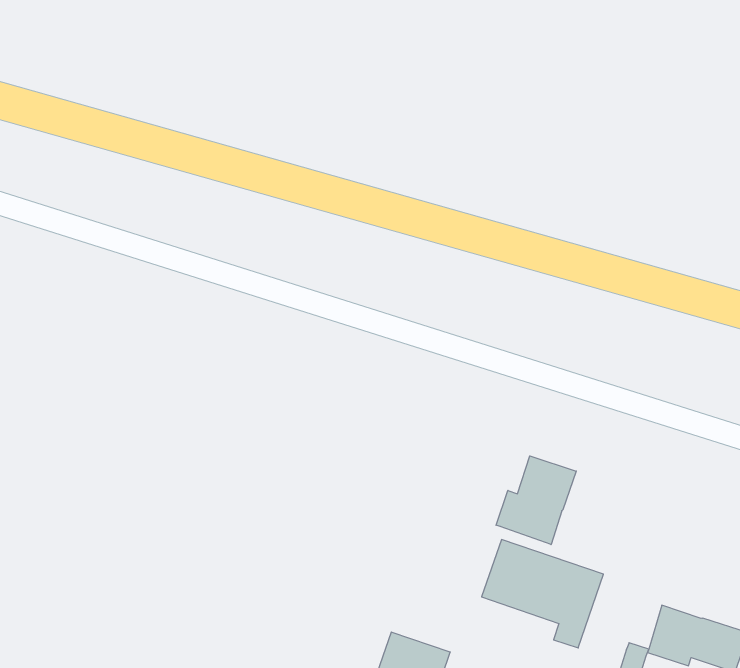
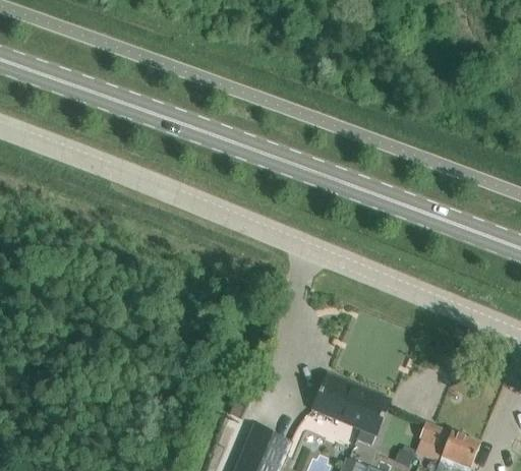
building: [496,456,576,545] -> none

